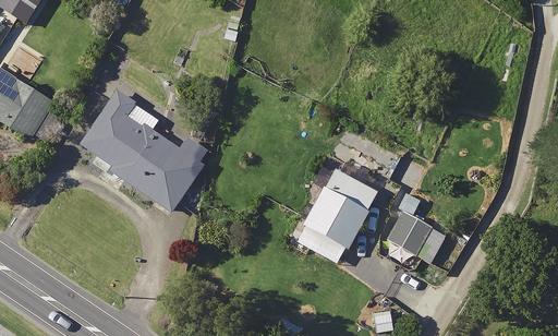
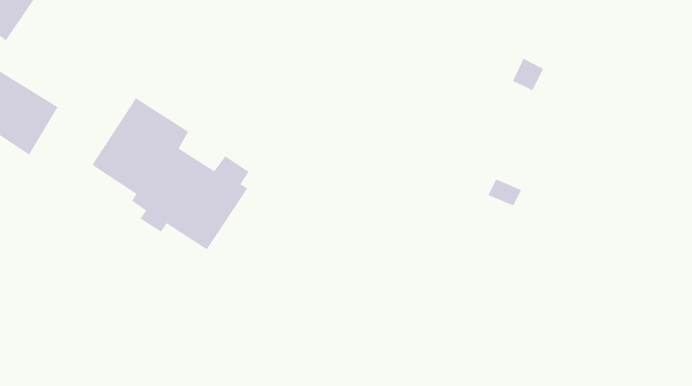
building: [301,166,376,251] -> none
building: [385,194,444,262] -> none

